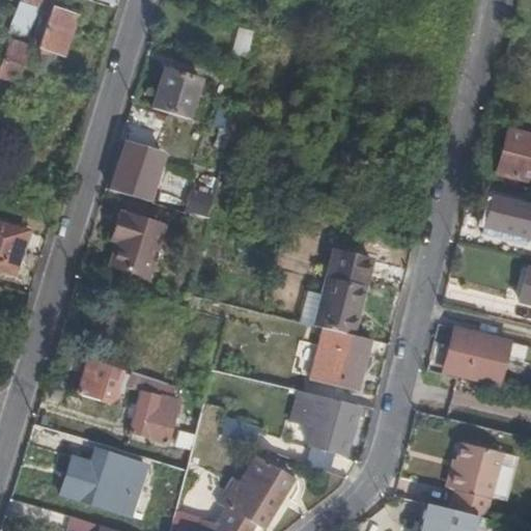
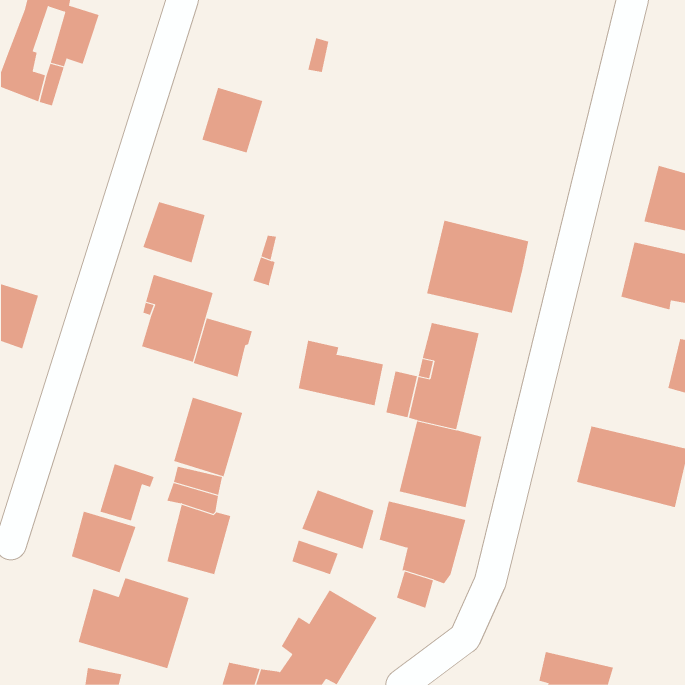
building: none -> [427,220,529,314]
building: none -> [193,318,253,377]
building: none -> [298,340,383,406]
building: none -> [174,397,243,477]
building: none -> [302,490,374,549]
building: none -> [71,511,136,573]
building: [451,443,502,518] -> none

